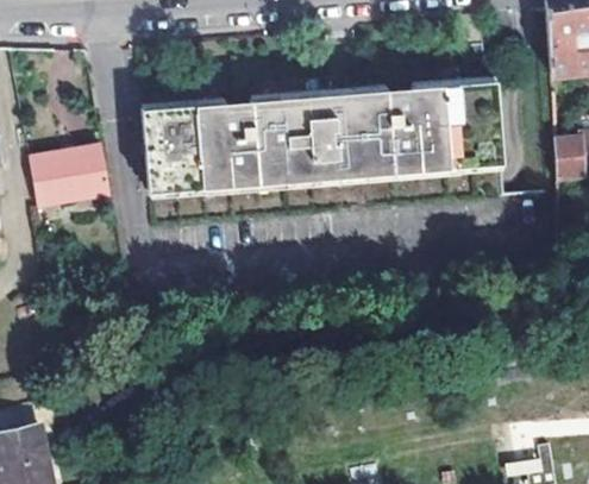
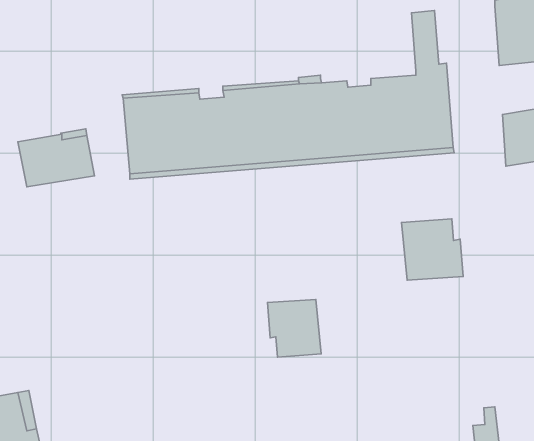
building: none -> [401,219,463,280]
building: none -> [267,299,321,357]

